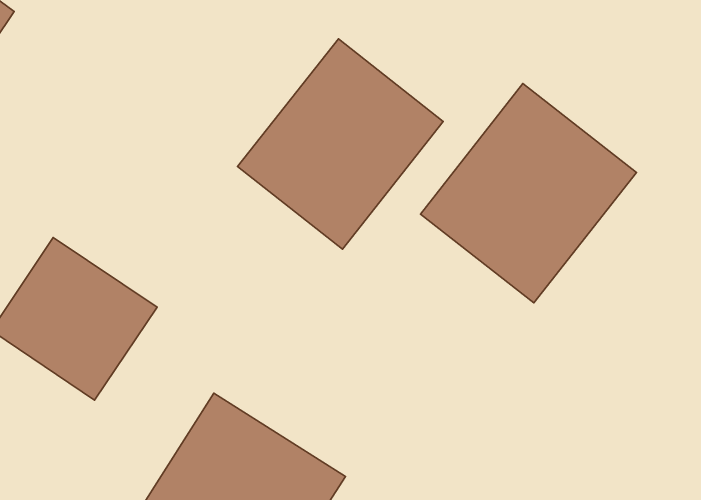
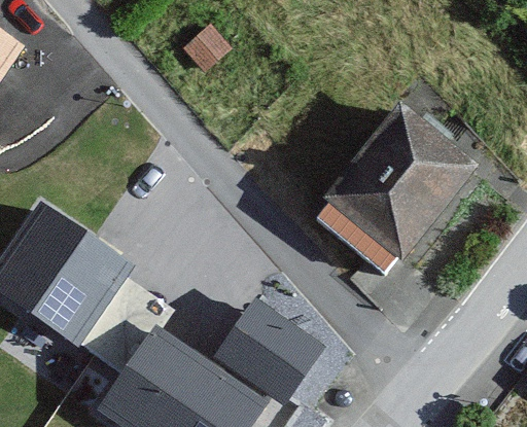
building: [238,39,443,249] -> none
building: none -> [222,307,317,397]

